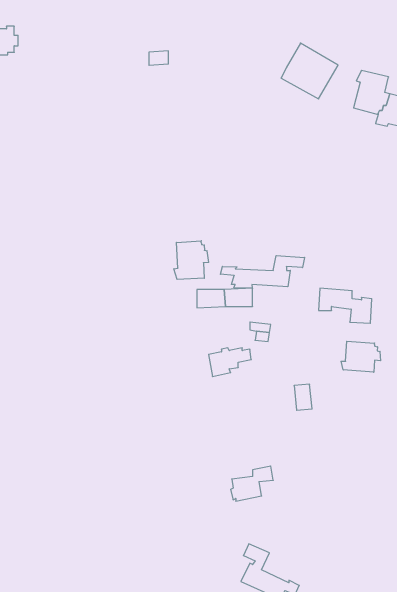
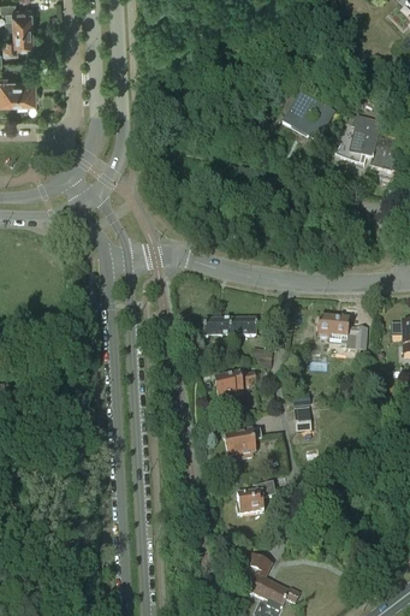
building: [174,241,209,279] -> none
building: [220,256,305,288] -> none
building: [341,341,380,372] -> none
building: none -> [224,427,261,456]

